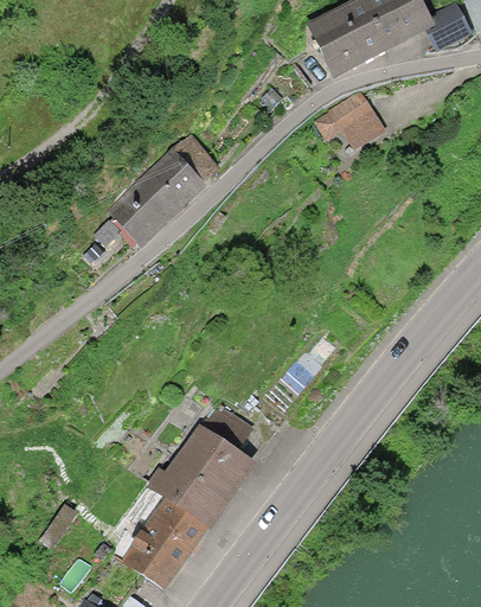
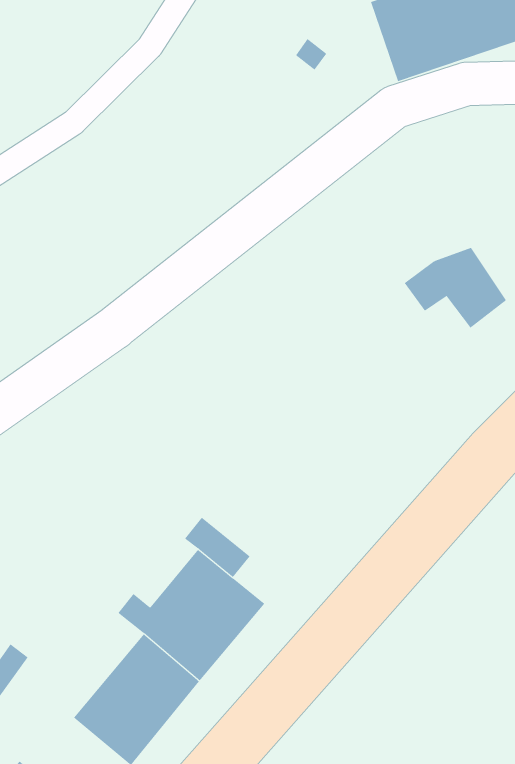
building: [316,91,393,152] -> [404,247,507,329]
building: [91,132,218,249] -> none

